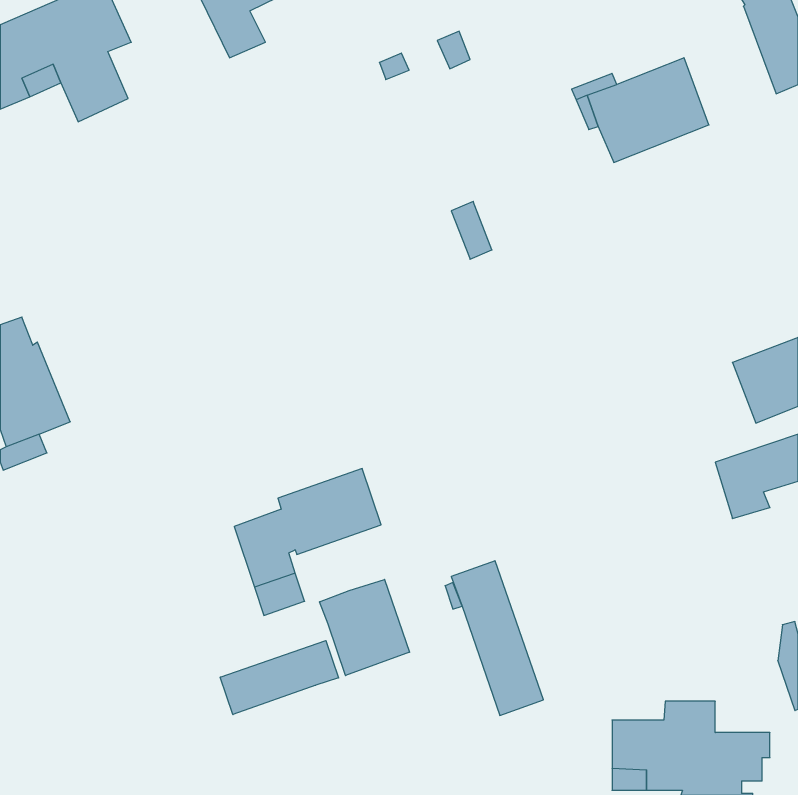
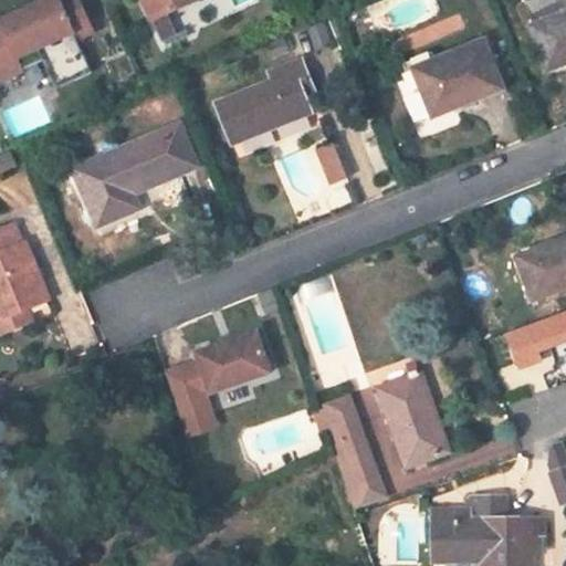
building: none -> [219,60,315,142]
building: none -> [75,124,198,226]
building: none -> [379,373,450,465]
building: [320,579,410,676] -> none
building: [220,641,339,715] -> none

